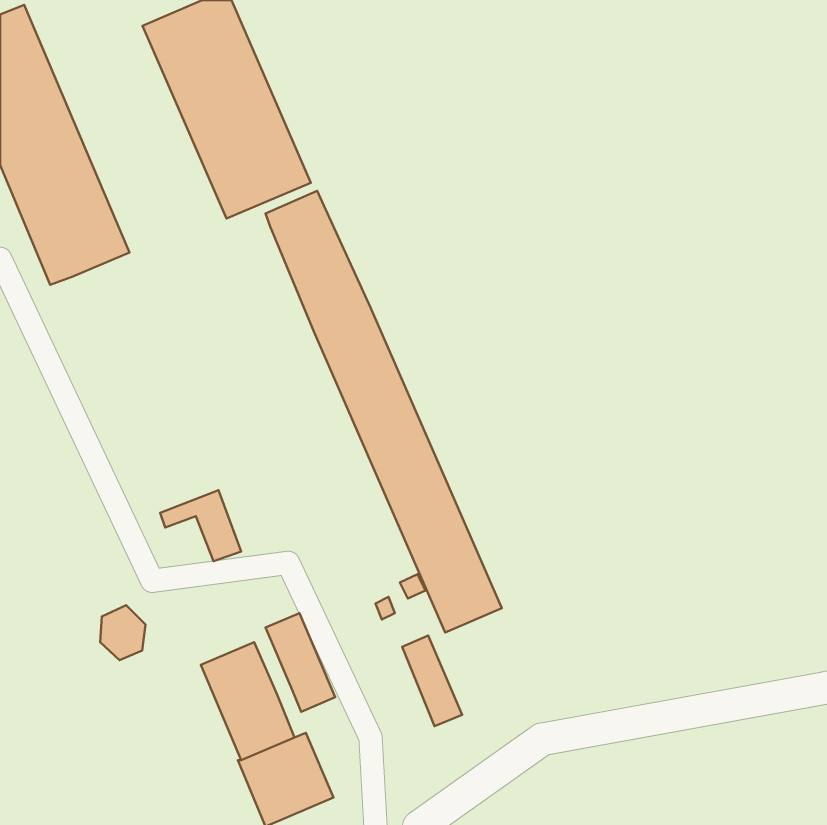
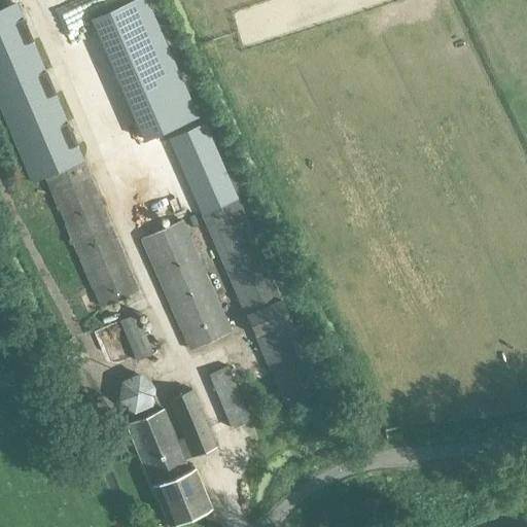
building: none -> [46,162,137,308]
building: none -> [142,221,229,349]
building: [100,605,146,660] -> [120,372,149,407]
building: [402,636,462,726] -> [210,370,248,427]

